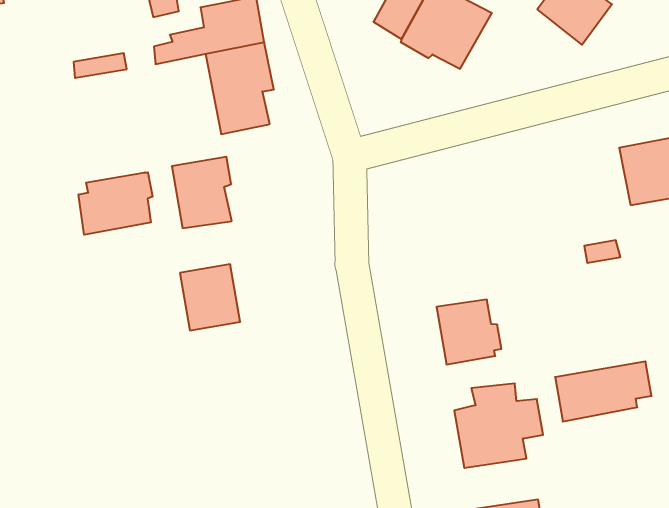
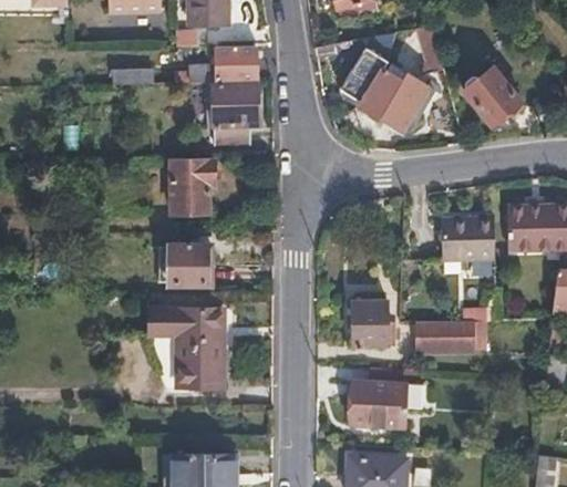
building: none -> [442,217,495,260]
building: [79,172,153,235] -> none
building: none -> [151,309,225,388]
building: [555,361,652,422] -> [410,320,480,354]

